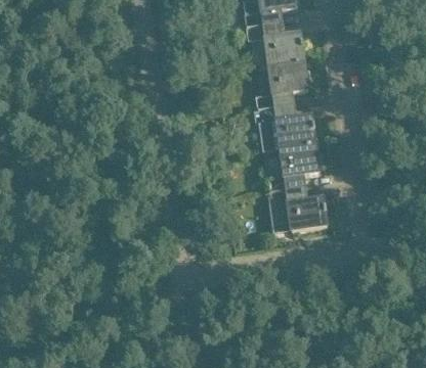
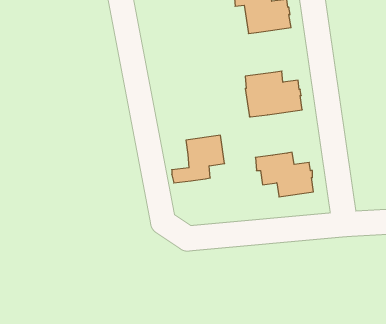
building: [256,57,308,106] -> none
building: [266,140,319,188] -> [172,135,225,183]

